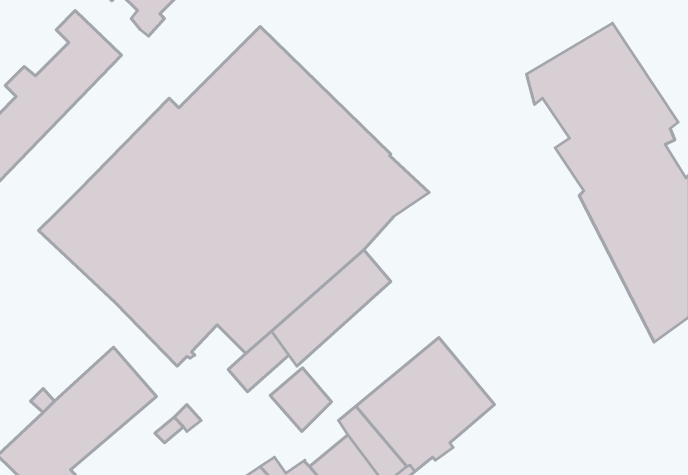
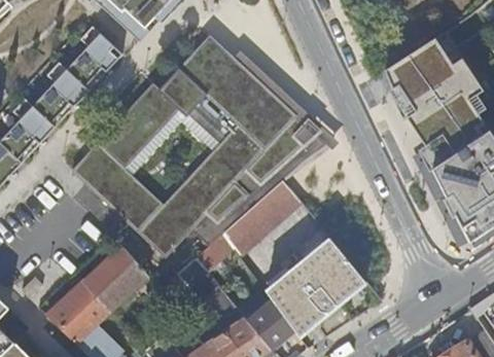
building: [270,368,331,432] -> none

